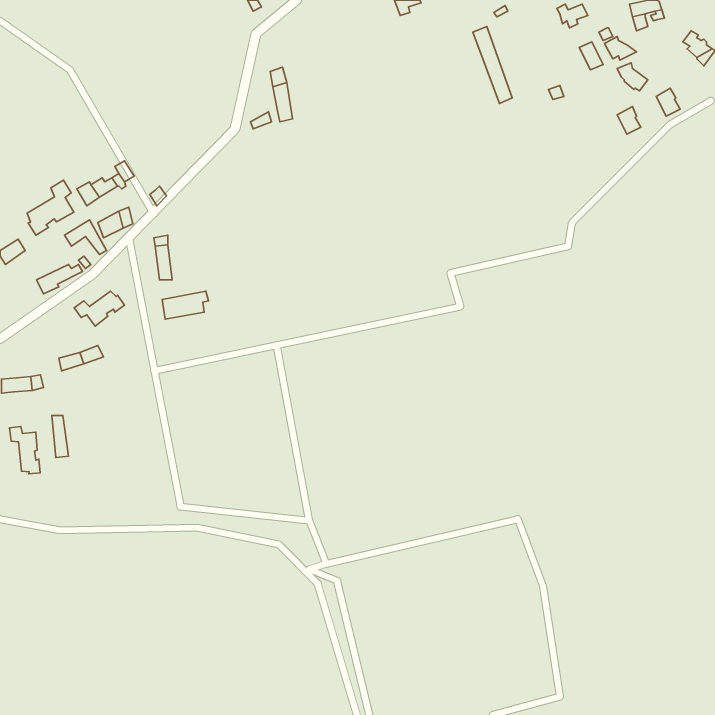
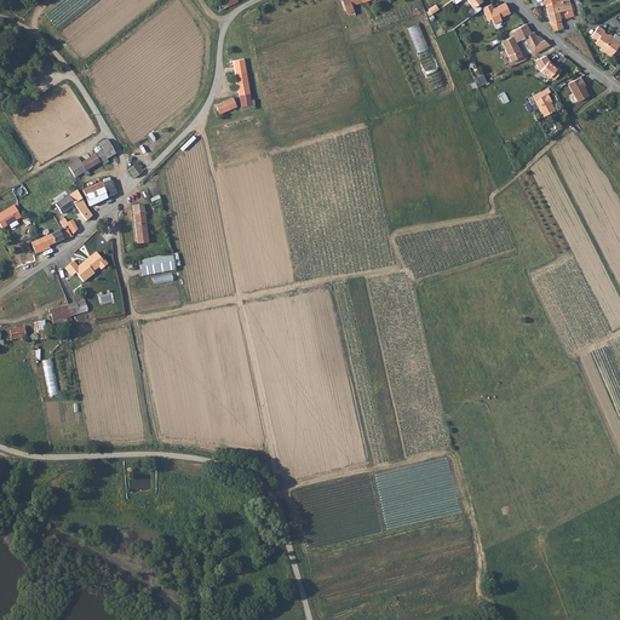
building: [27,180,74,235] -> none
building: [10,427,40,474] -> none

